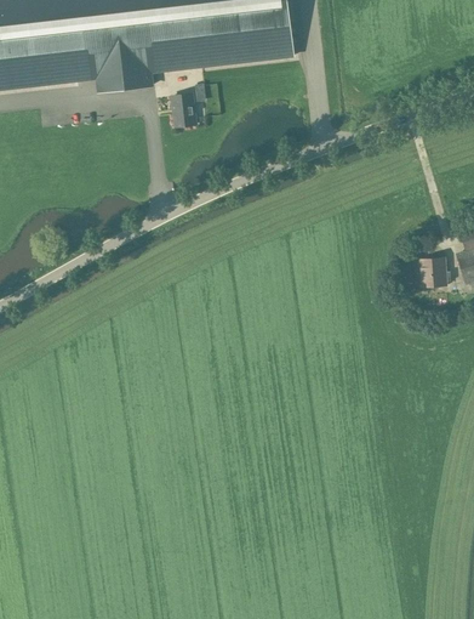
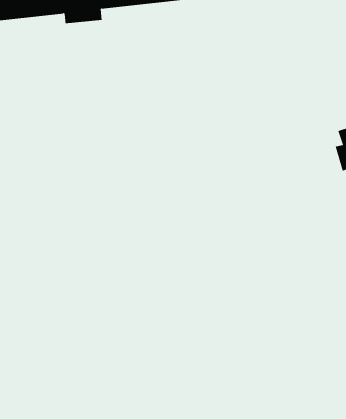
building: [175,96,198,127] -> none
building: [422,260,453,289] -> none

